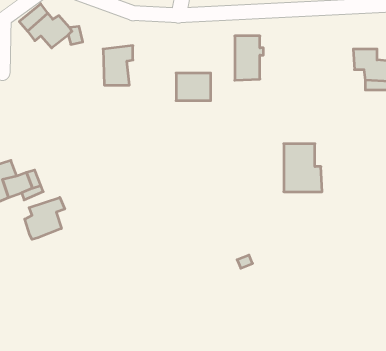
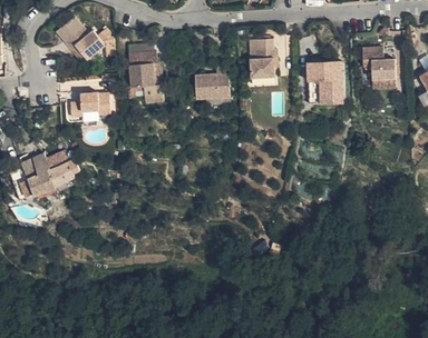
building: none -> [69,92,109,116]
building: [284,144,322,192] -> [307,61,342,106]
building: [25,197,65,239] -> none

